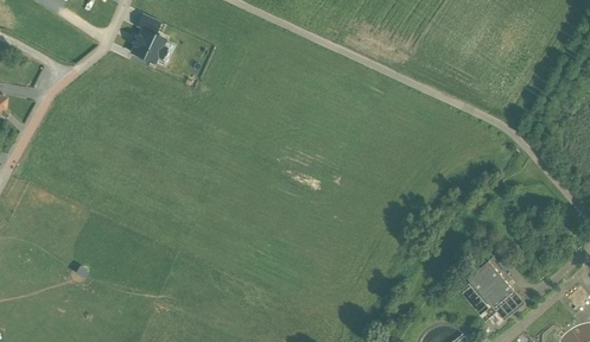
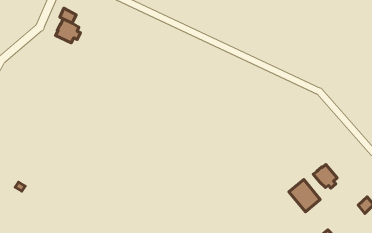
building: none -> [313,164,337,188]

